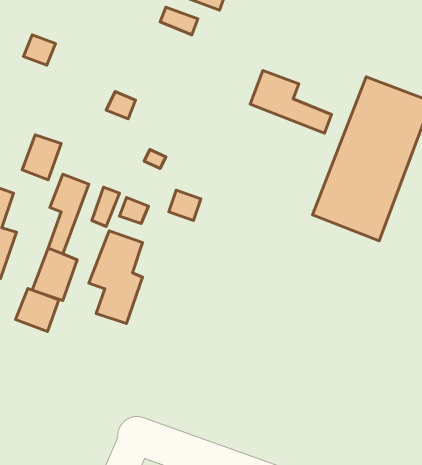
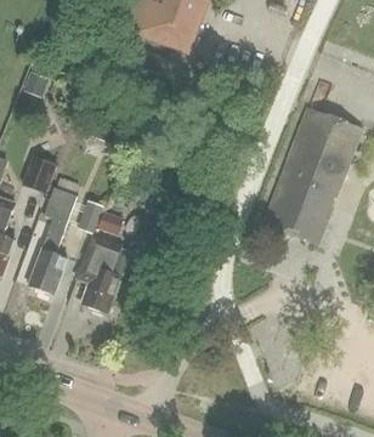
building: [250,70,332,133] -> none
building: [15,289,59,332] -> none

